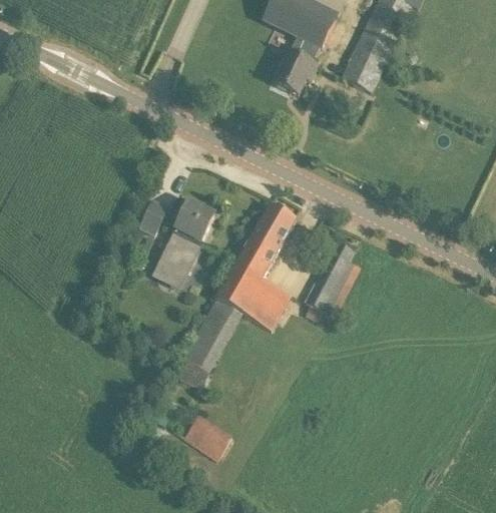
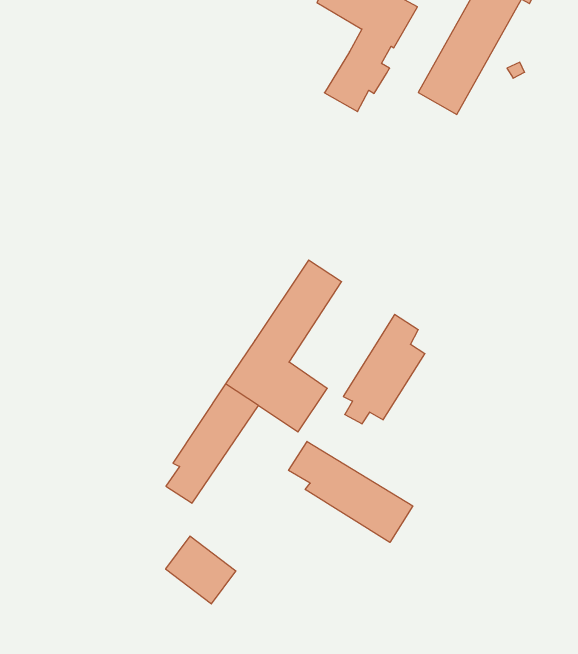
building: [139,197,167,231] -> none
building: [151,199,213,288] -> none
building: none -> [289,441,413,542]

